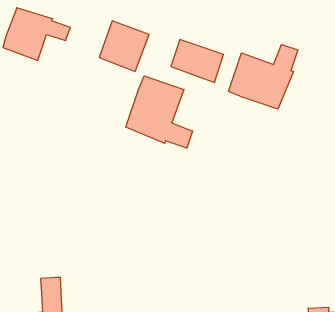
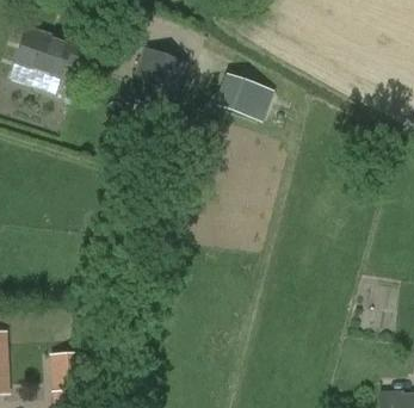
building: [228,45,298,109] -> none
building: [126,76,193,148] -> none

